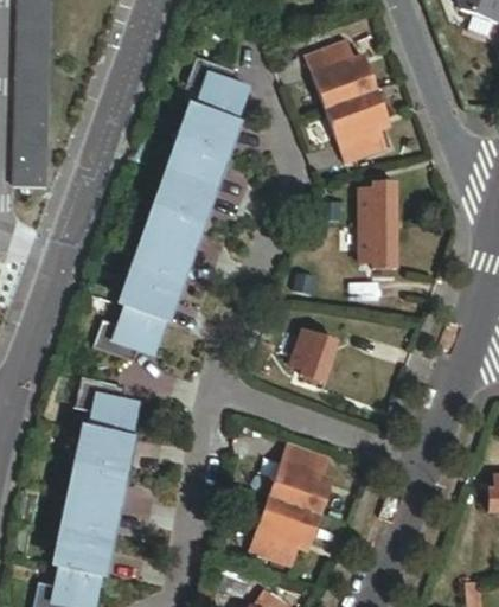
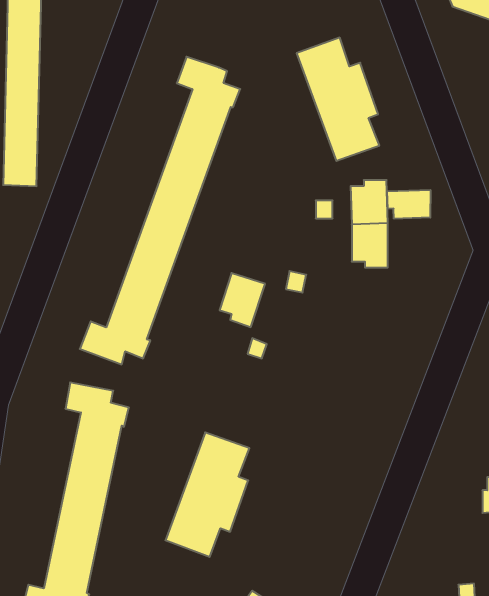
building: none -> [387,190,430,219]
building: [292,328,337,382] -> [220,273,265,327]
building: [248,443,331,567] -> [165,432,249,557]

